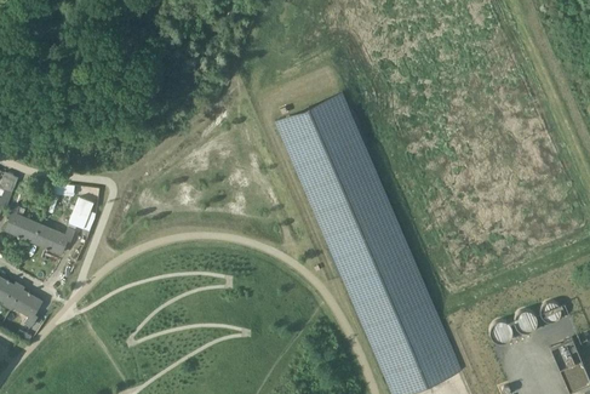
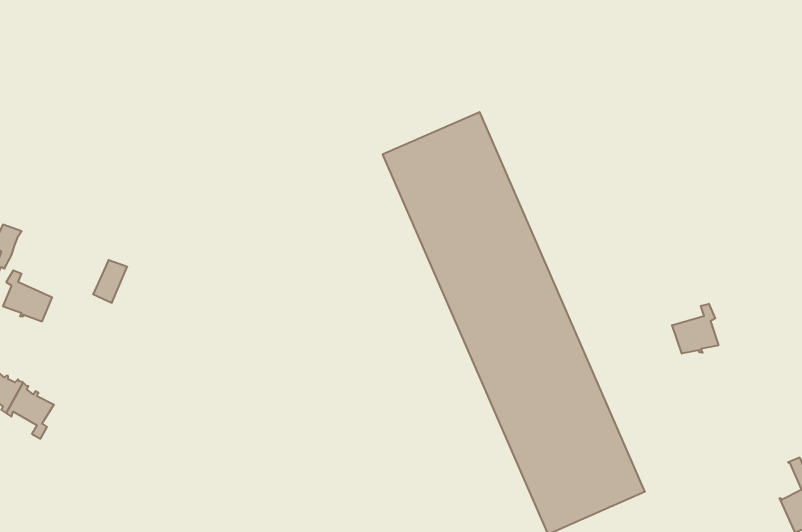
building: [31,224,74,253] -> none
building: none -> [672,304,718,354]

